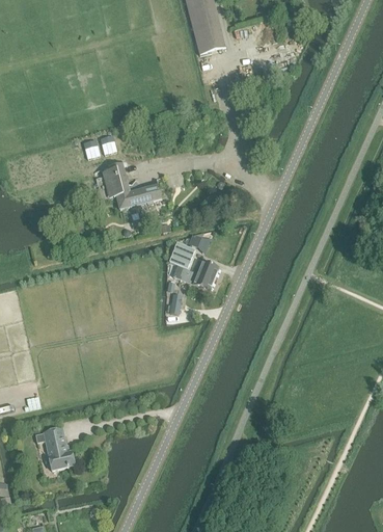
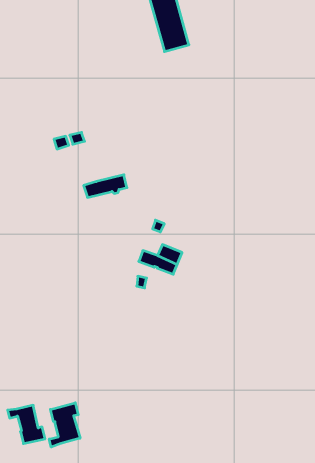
building: [95,164,129,198] -> none
building: [169,241,194,267] -> none
building: none -> [49,403,80,447]

